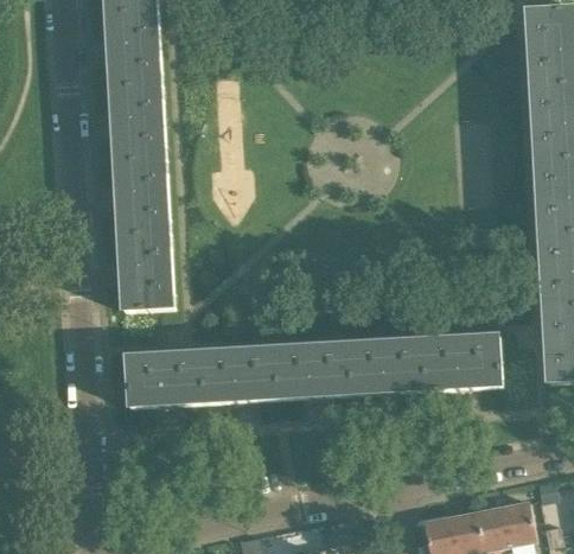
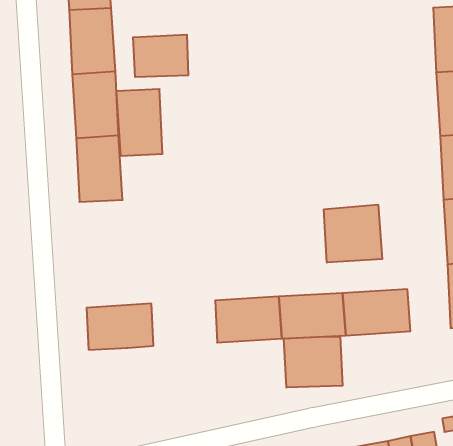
building: none -> [133,35,188,77]
building: [119,233,172,310] -> [116,89,163,156]
building: none -> [324,205,382,263]
building: [202,349,278,401] -> none
building: none -> [284,337,343,388]

